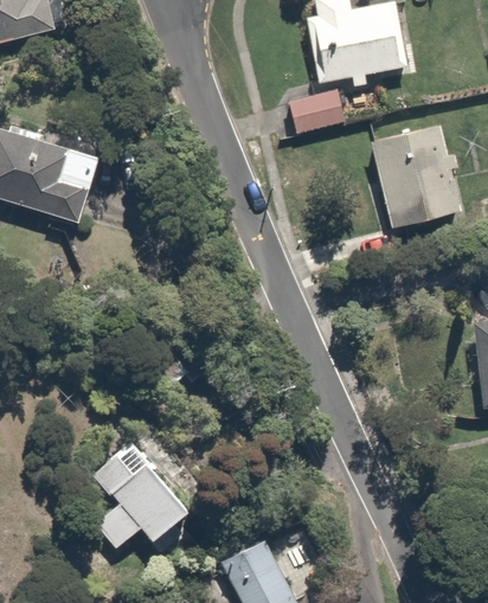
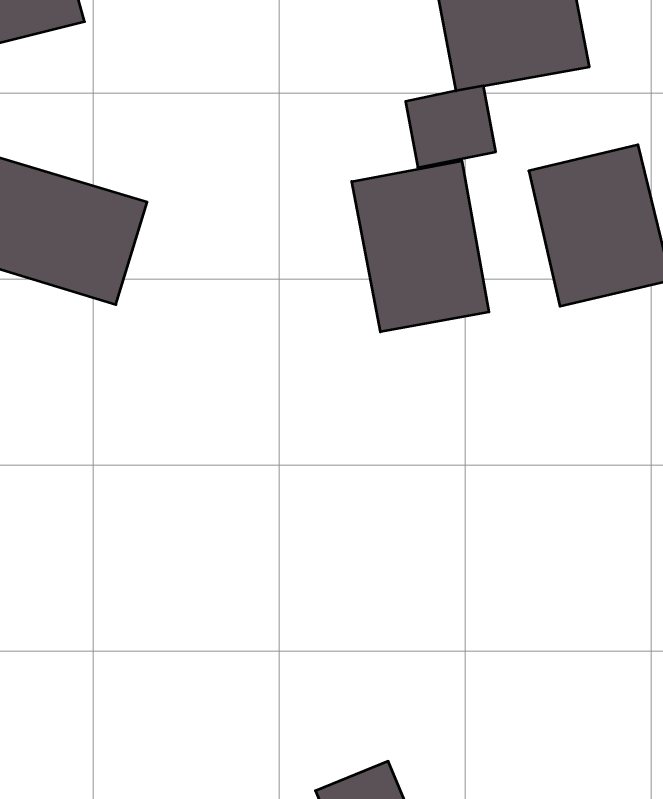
building: none -> [352,161,489,332]
building: [84,440,197,551] -> none

